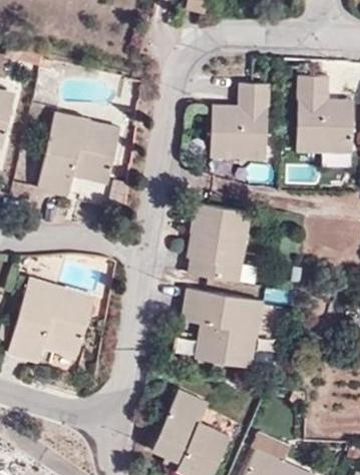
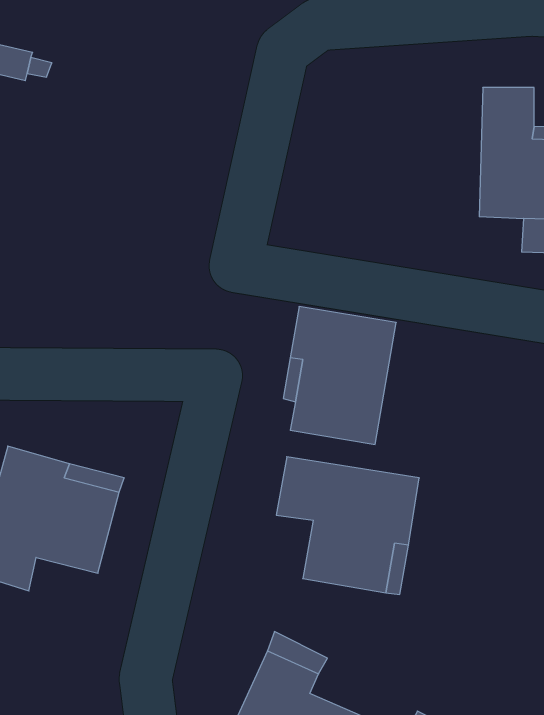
building: [211,84,269,158] -> none
building: [35,115,119,199] -> none

